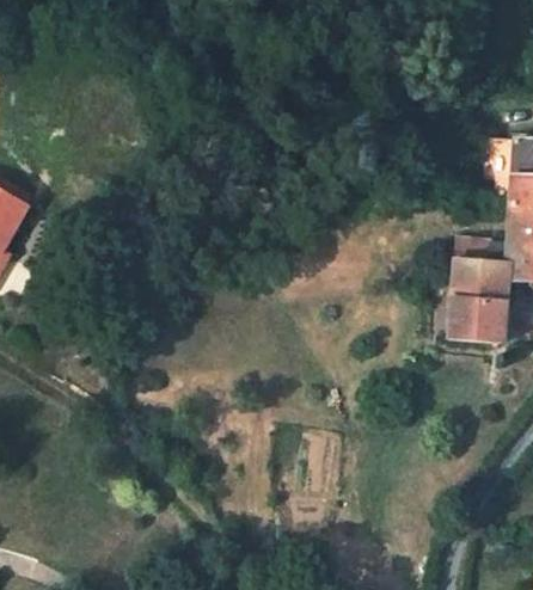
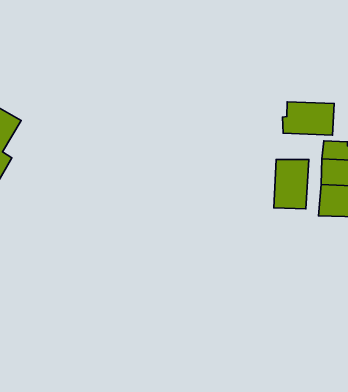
building: none -> [282,102,334,135]
building: none -> [274,160,309,209]

